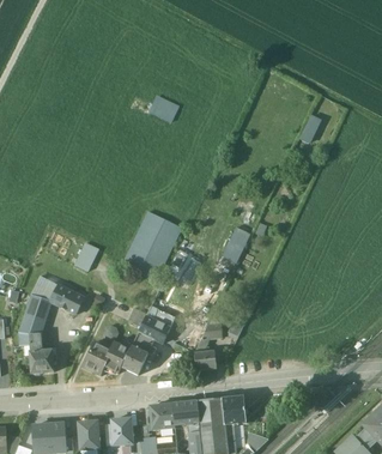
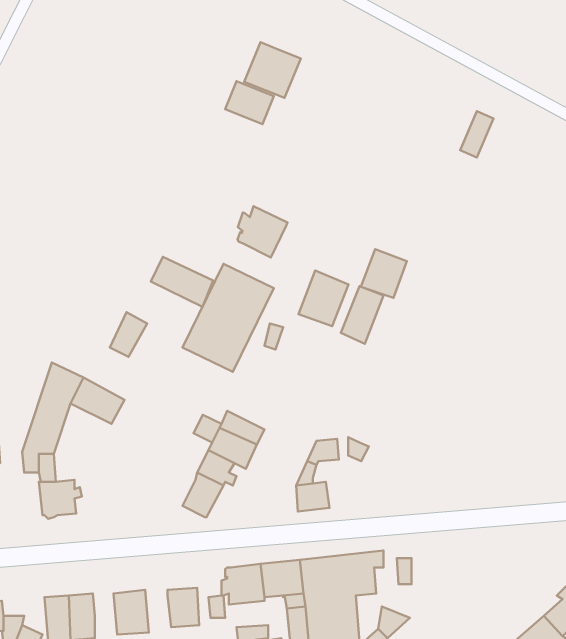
building: none -> [244,42,301,98]
building: none -> [238,206,287,258]
building: none -> [361,249,407,298]
building: none -> [151,257,213,307]
building: none -> [298,270,349,326]
building: [81,341,129,375] -> none

